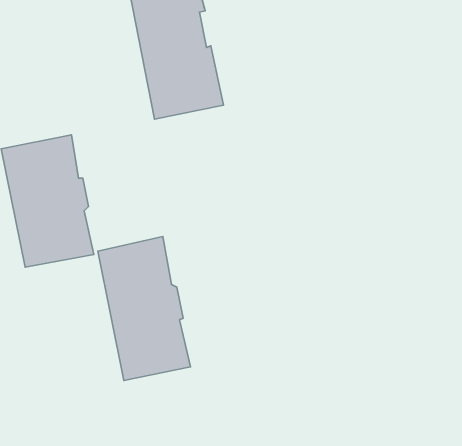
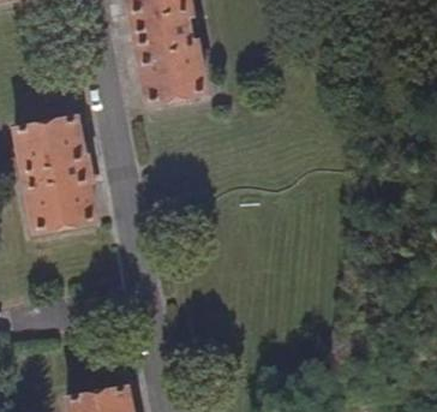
building: [98,237,191,380] -> none

